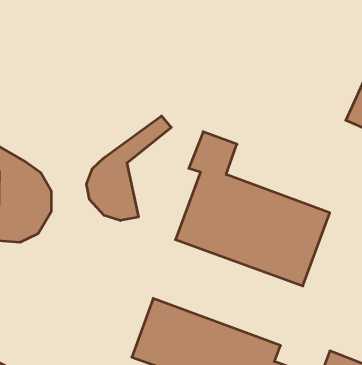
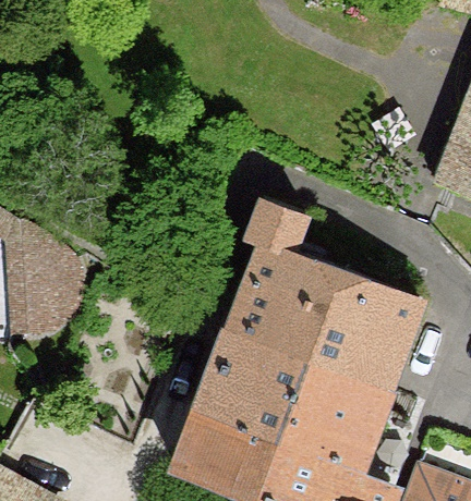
building: [86,116,171,221] -> none
building: none -> [202,329,385,459]

